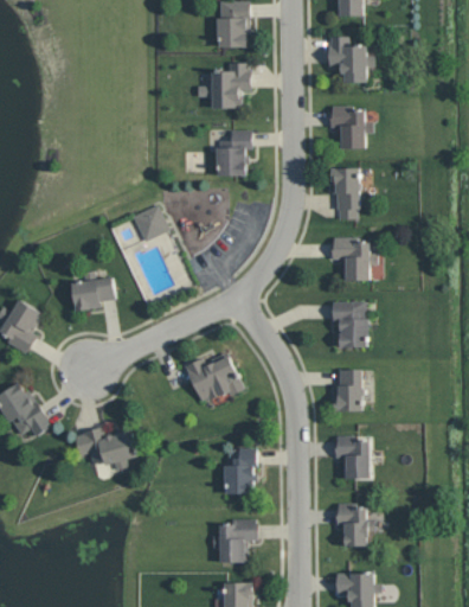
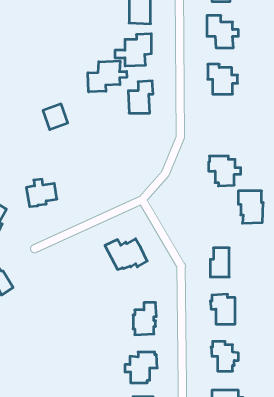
building: none -> [88,61,127,92]
building: [330,168,359,219] -> none
building: [133,205,168,242] -> [43,104,68,130]
building: [333,302,368,349] -> [238,191,263,223]
building: [75,427,139,471] -> none

